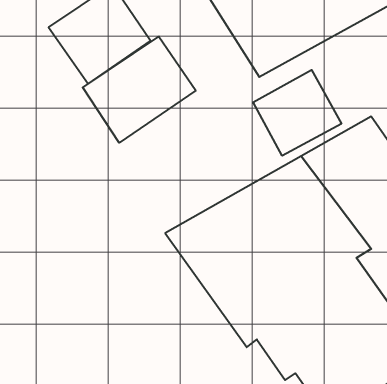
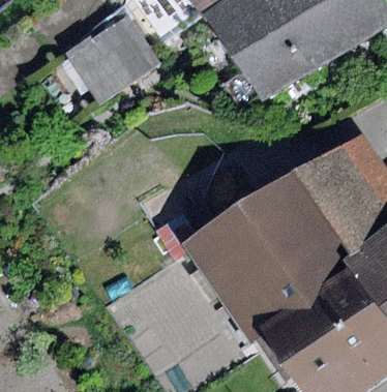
building: [83,36,196,143] -> none
building: [253,70,341,156] -> none

